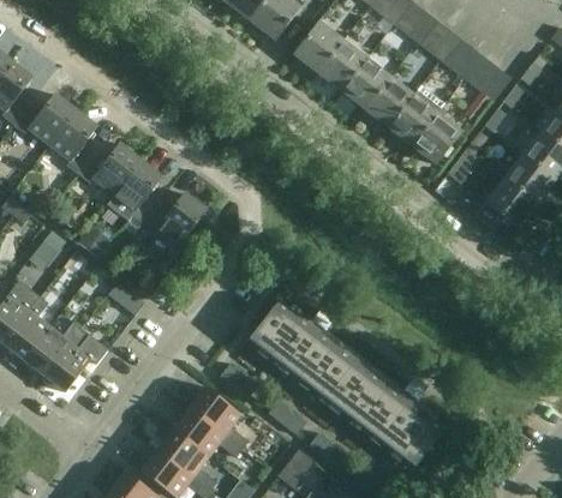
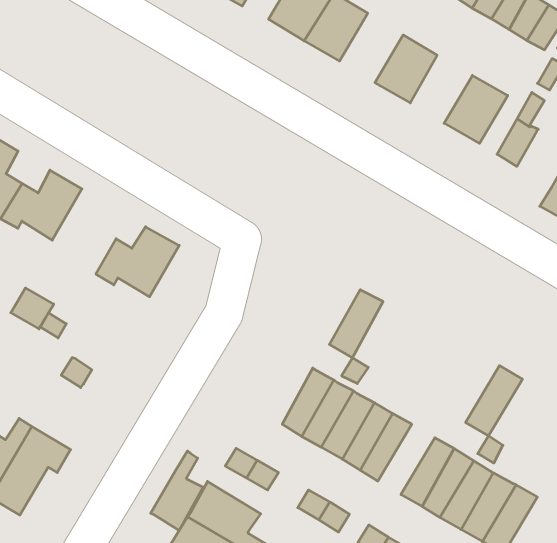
building: [341,56,390,108] -> none
building: [389,84,444,144] -> none
building: [107,158,162,227] -> none
building: [250,300,293,349] -> [329,290,383,358]
building: none -> [151,451,203,530]
building: [330,361,376,412] -> [466,366,522,436]

